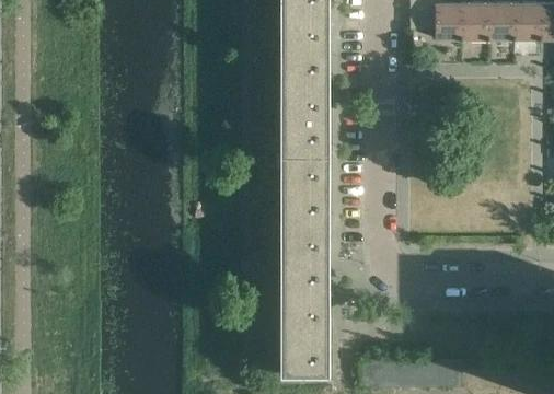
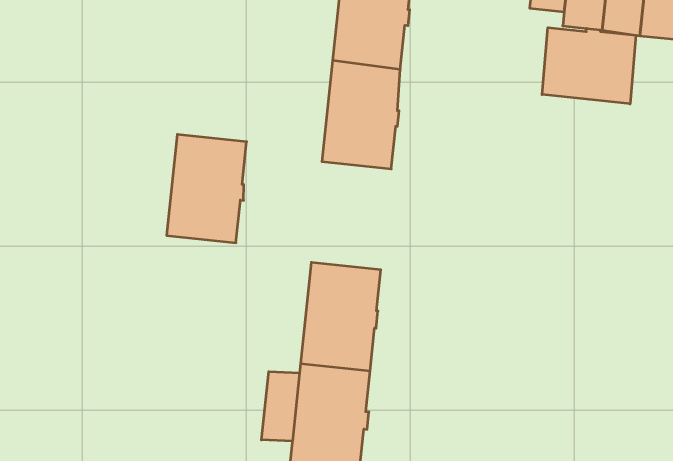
building: none -> [542,28,636,104]
building: [280,149,331,219] -> [167,134,247,243]
building: none -> [261,372,300,441]

